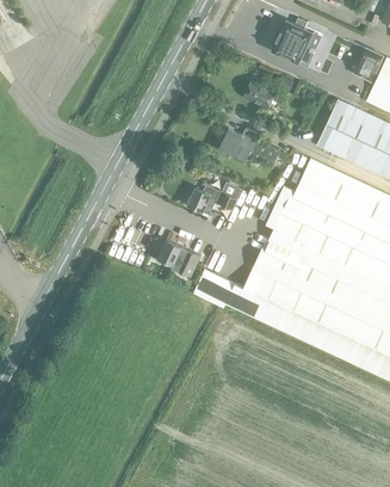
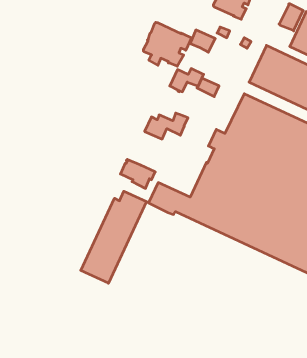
building: none -> [143,22,191,66]
building: none -> [81,191,147,283]

